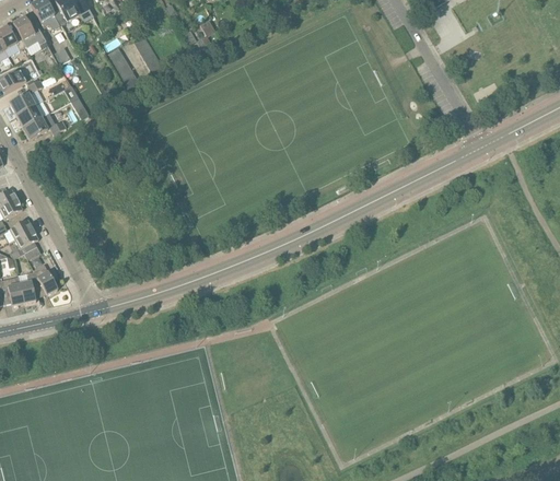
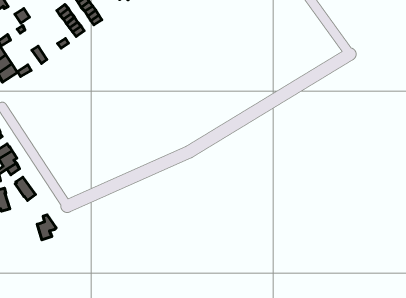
building: [19,270,43,302] -> [37,215,56,240]

